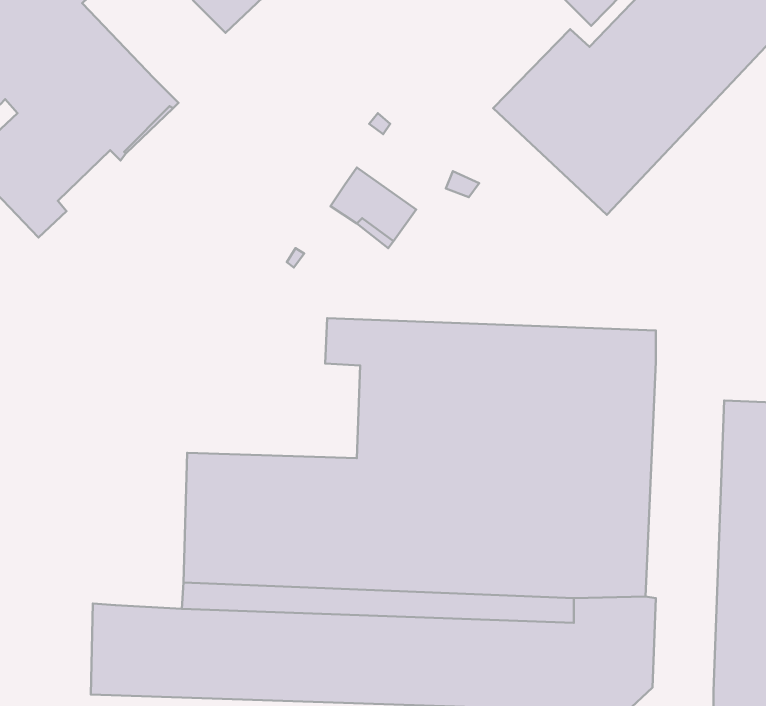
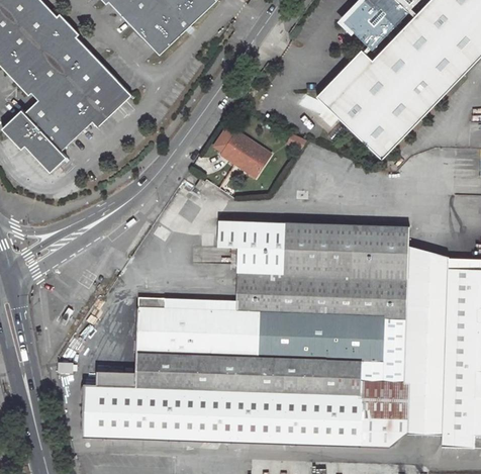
building: none -> [402,245,448,435]
building: none -> [96,371,135,387]

